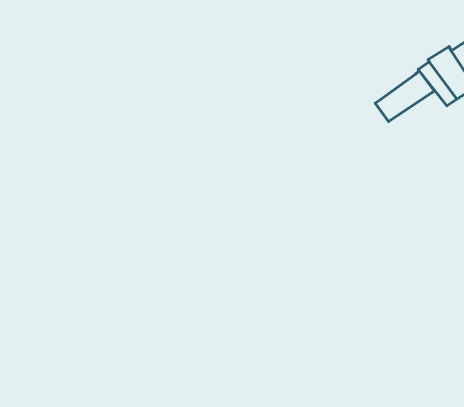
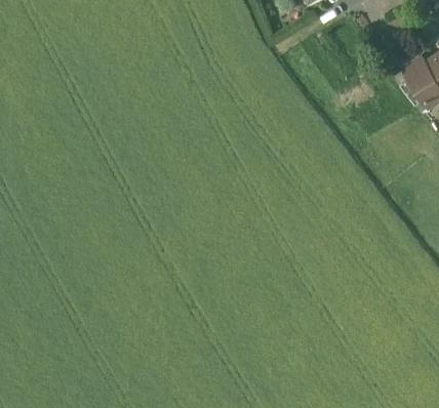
building: [375,71,434,121] -> none

